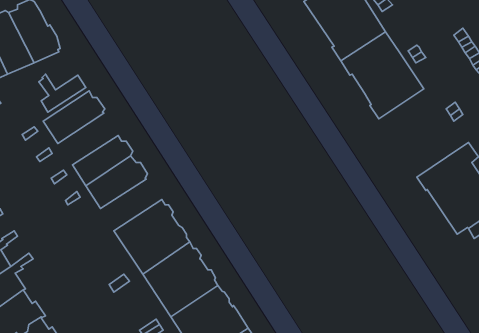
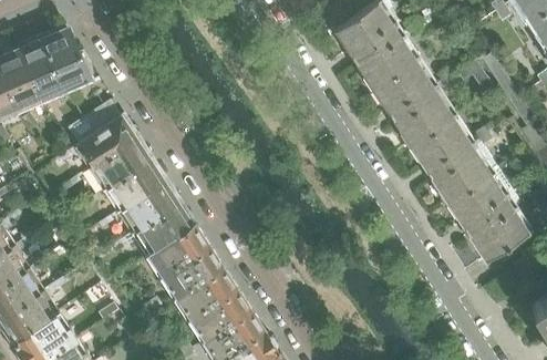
building: none -> [407,115,489,203]
building: none -> [90,140,149,191]
building: none -> [111,205,193,256]

